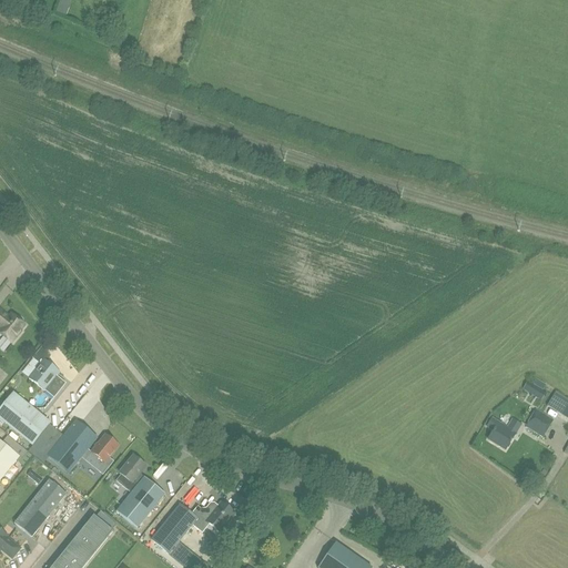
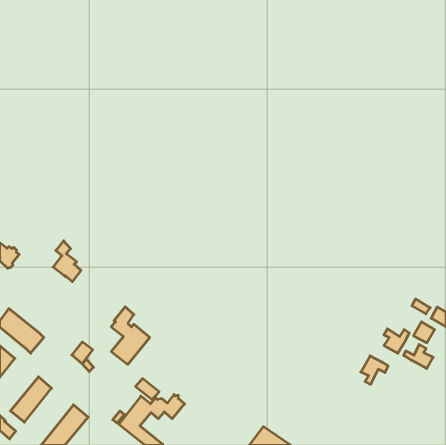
building: [29,344,64,396] -> [53,241,81,282]
building: [47,419,97,471] -> none
building: none -> [404,344,433,369]
building: none -> [361,356,388,384]
building: [115,454,164,527] -> [111,307,150,364]

